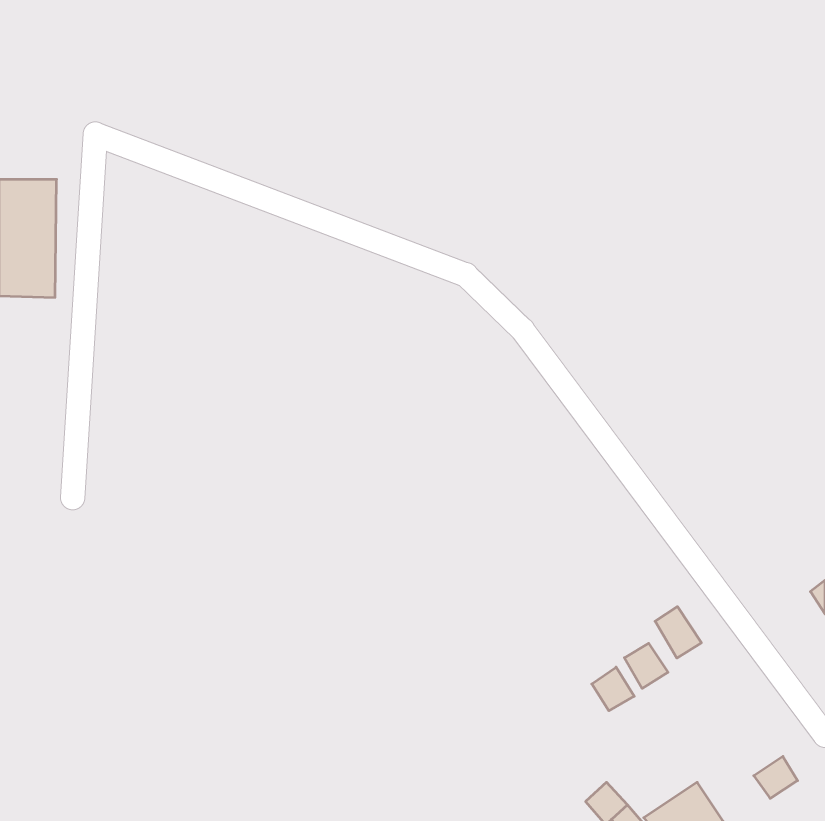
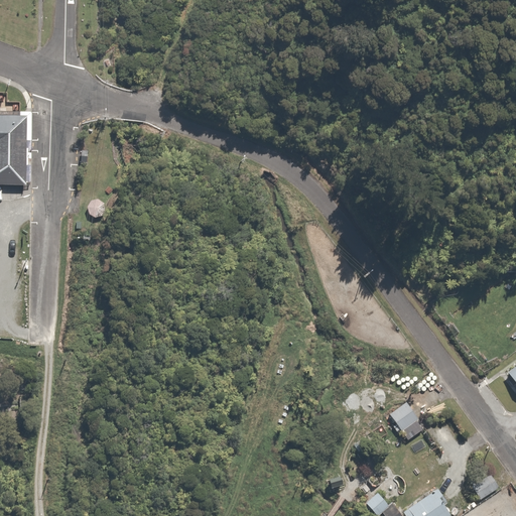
building: [655,607,701,658] -> none
building: [592,667,634,711] -> none

